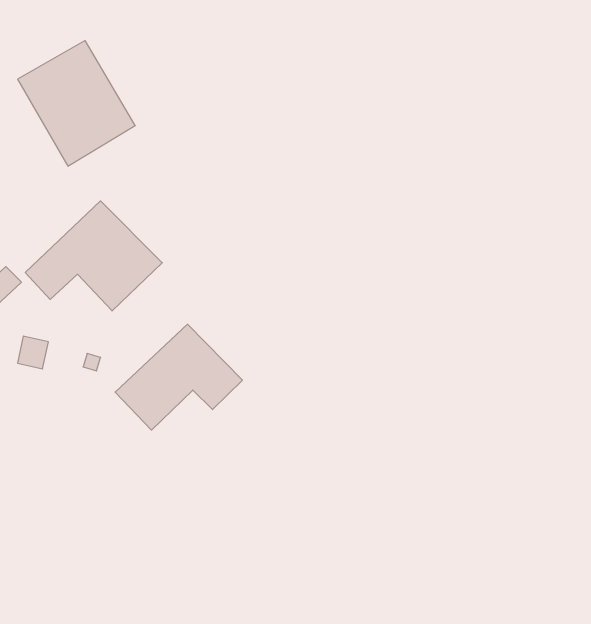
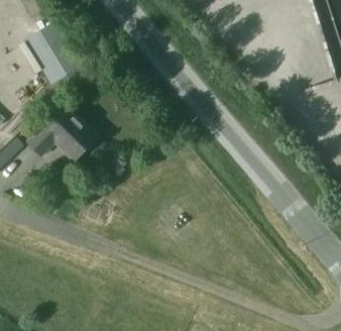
building: [115,324,242,430] -> none

